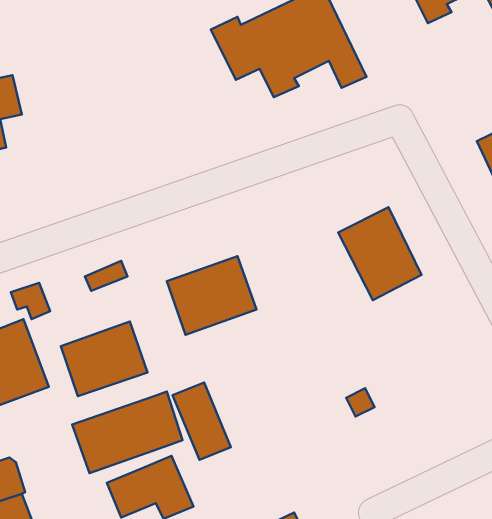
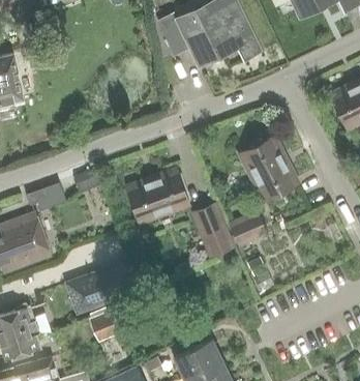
building: none -> [235,210,273,245]
building: [61,321,148,396] -> none
building: [173,383,231,460] -> [194,205,233,256]

